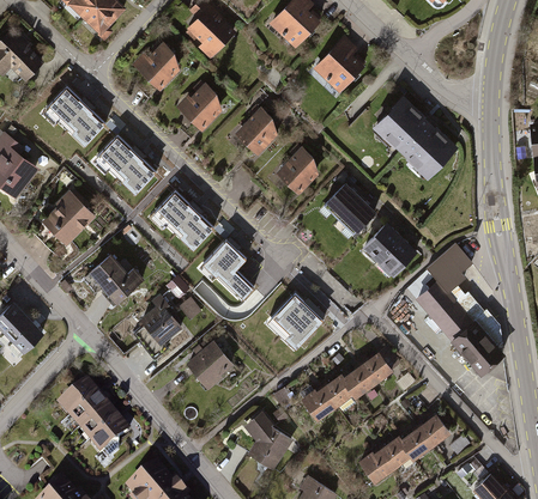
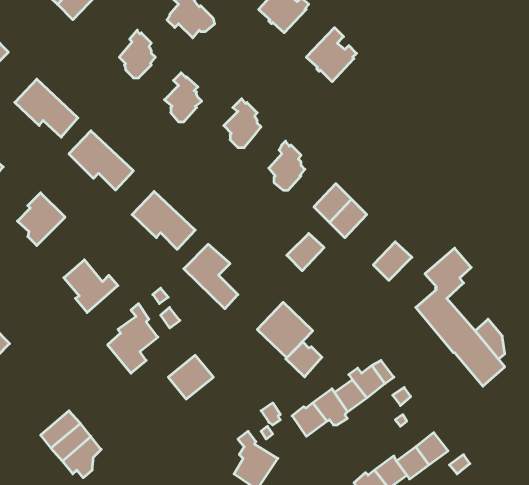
building: [375,99,454,176] -> none
building: [364,225,399,260] -> [287,233,324,271]
building: none -> [286,342,322,377]
building: [59,383,96,418] -> none

